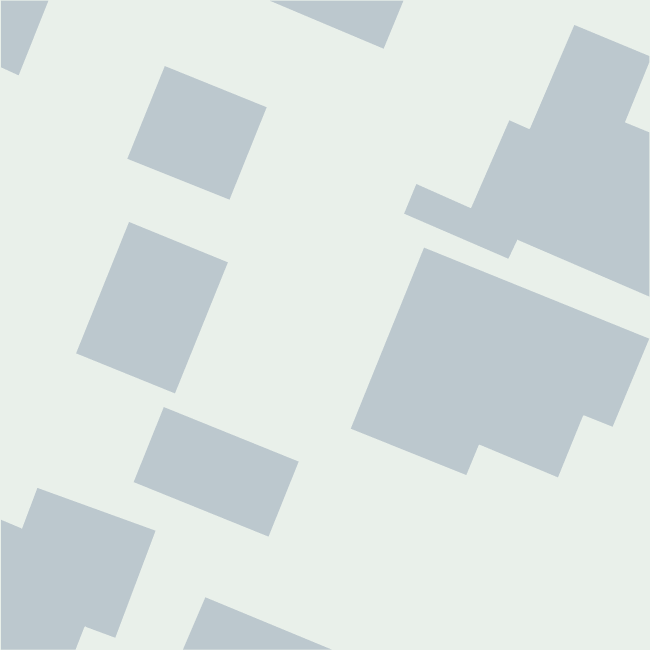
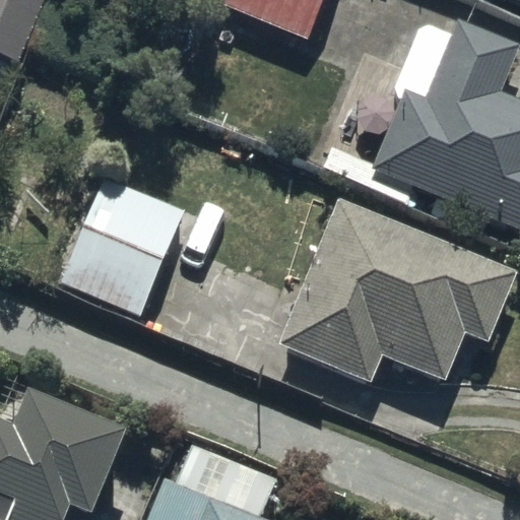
building: [127,65,268,201] -> none
building: [133,406,300,537] -> none

